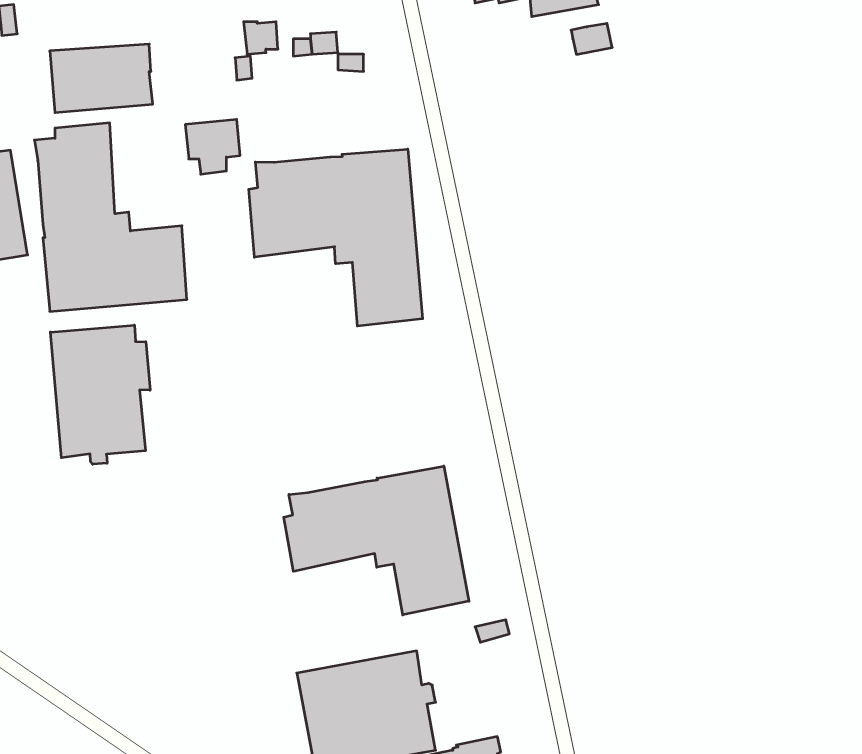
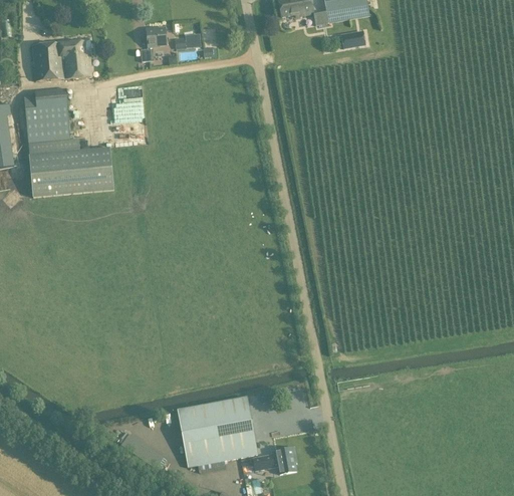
building: [249,149,423,326] -> none
building: [50,325,150,464] -> none
building: [284,466,469,615] -> none

